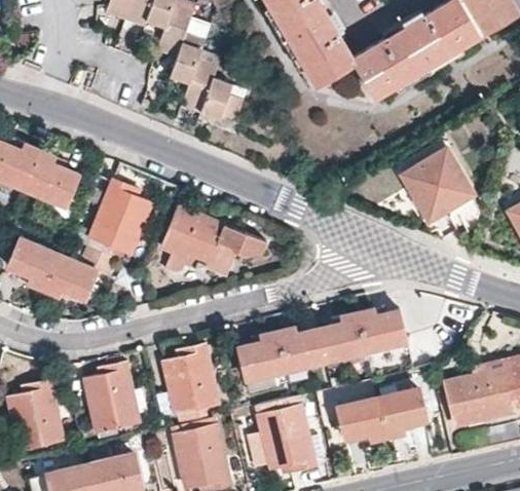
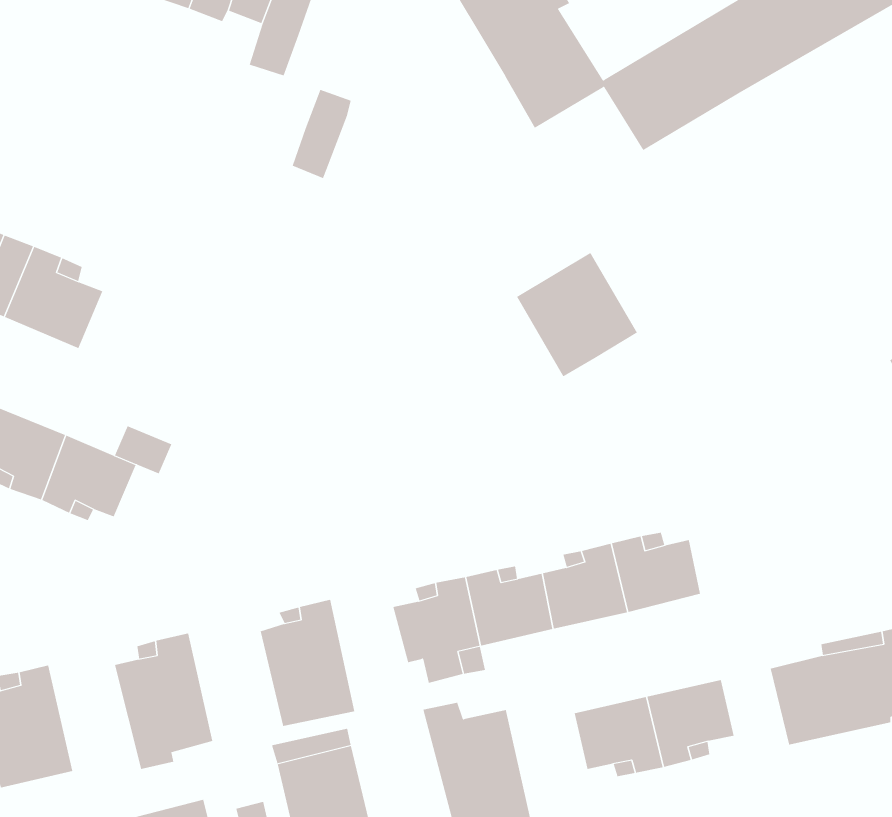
building: [170,34,206,85] -> none
building: [201,78,243,119] -> none
building: [405,151,472,220] -> [516,252,638,377]
building: [89,181,151,254] -> none
building: [156,209,236,273] -> none

